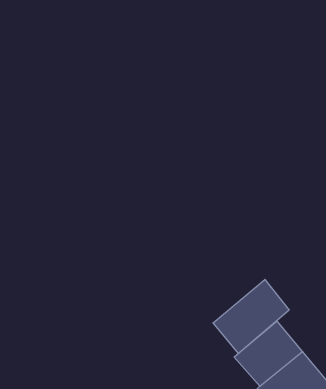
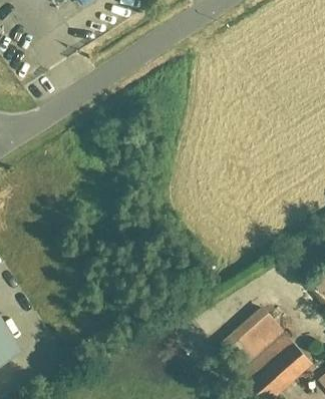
building: [213,279,289,354] -> none

